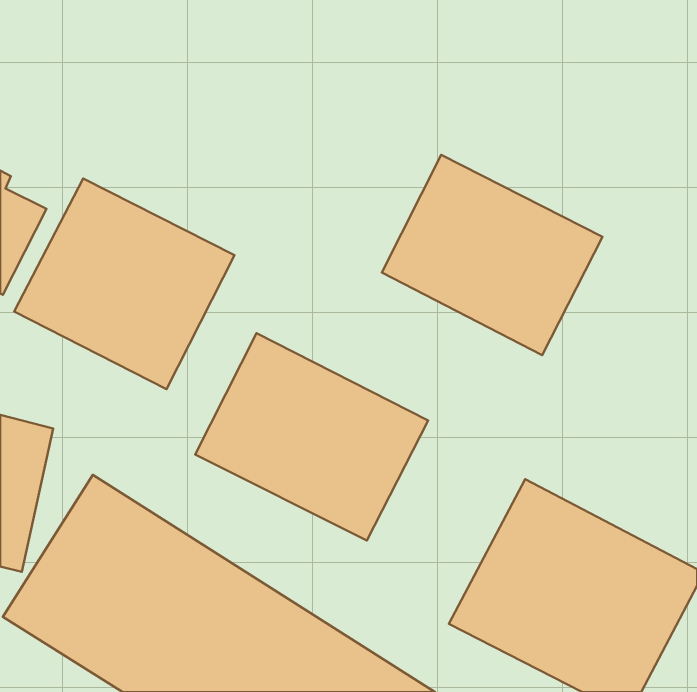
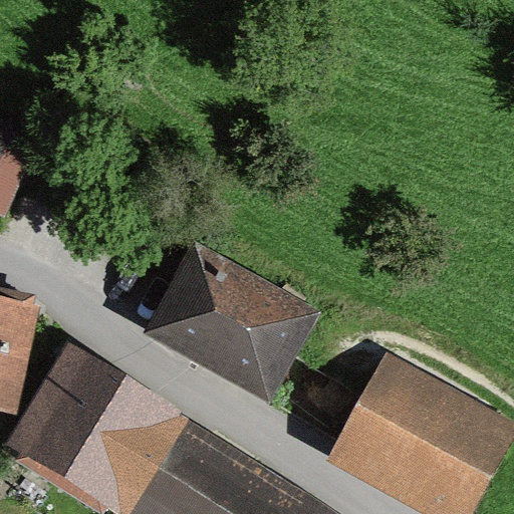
building: [382,155,602,355] -> none
building: [14,179,234,389] -> none

